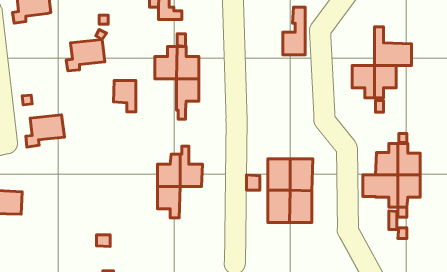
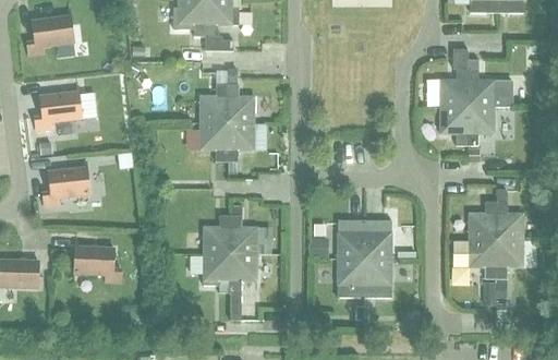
building: [283,7,305,55] -> [440,48,468,106]
building: [66,39,105,71] -> [35,91,82,129]
building: [113,80,136,112] -> [199,122,227,160]
building: none -> [75,245,121,281]
building: none -> [230,253,257,320]

